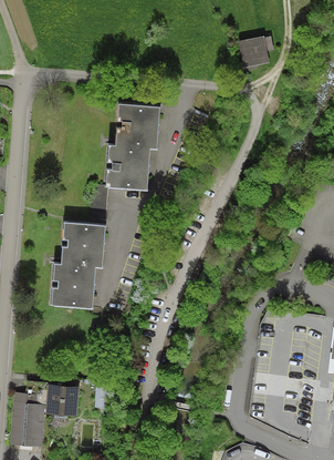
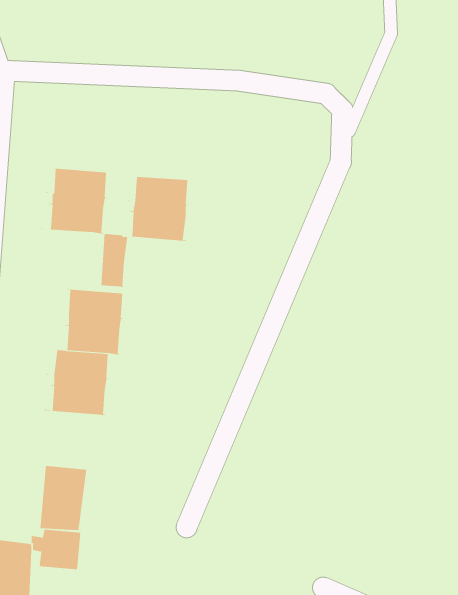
building: [238,38,271,68] -> none
building: [107,103,159,149] -> [32,167,109,234]
building: none -> [40,465,87,531]

